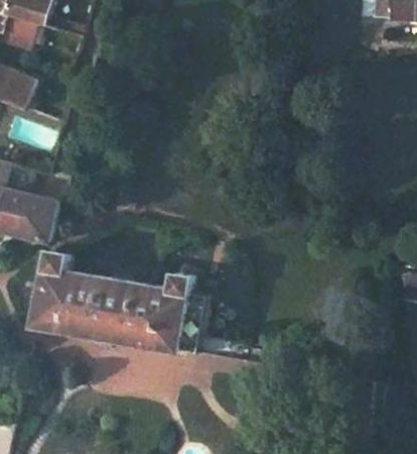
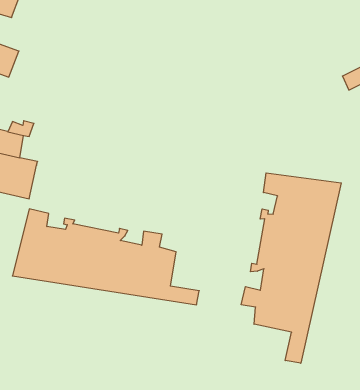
building: none -> [241,173,341,363]

